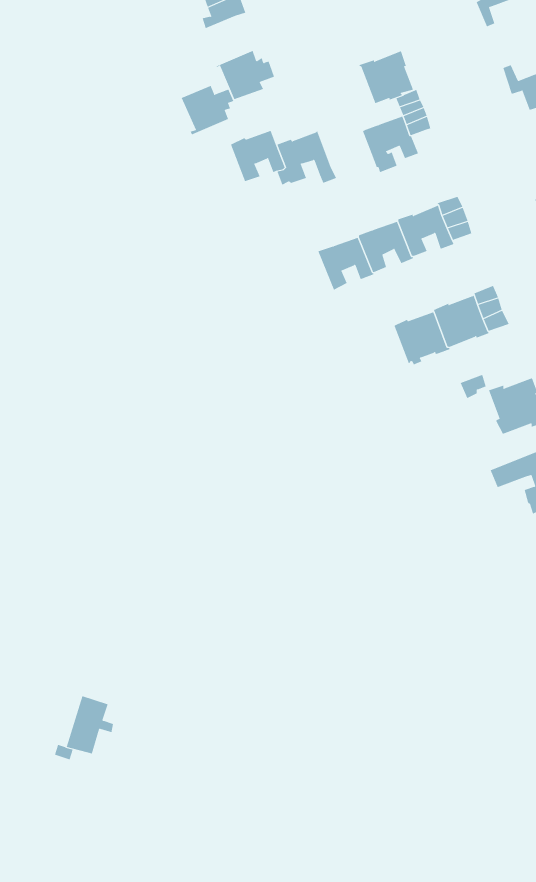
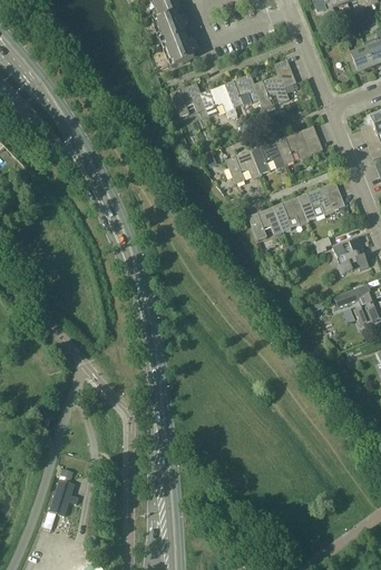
building: [359,51,414,104] -> [224,73,258,107]
building: [181,85,234,135] -> [155,12,188,43]
building: none -> [247,206,283,239]
building: [66,695,114,754] -> [48,479,78,515]

